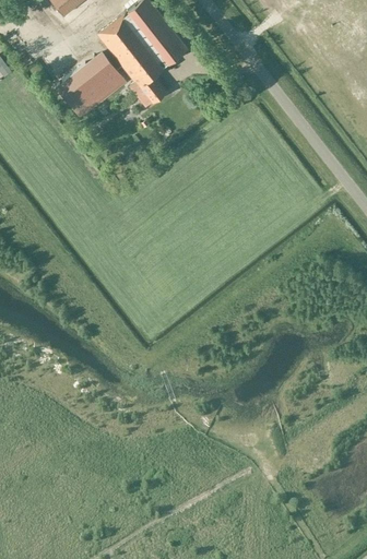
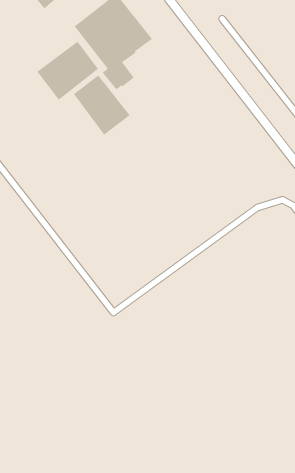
building: none -> [73,74,130,136]

